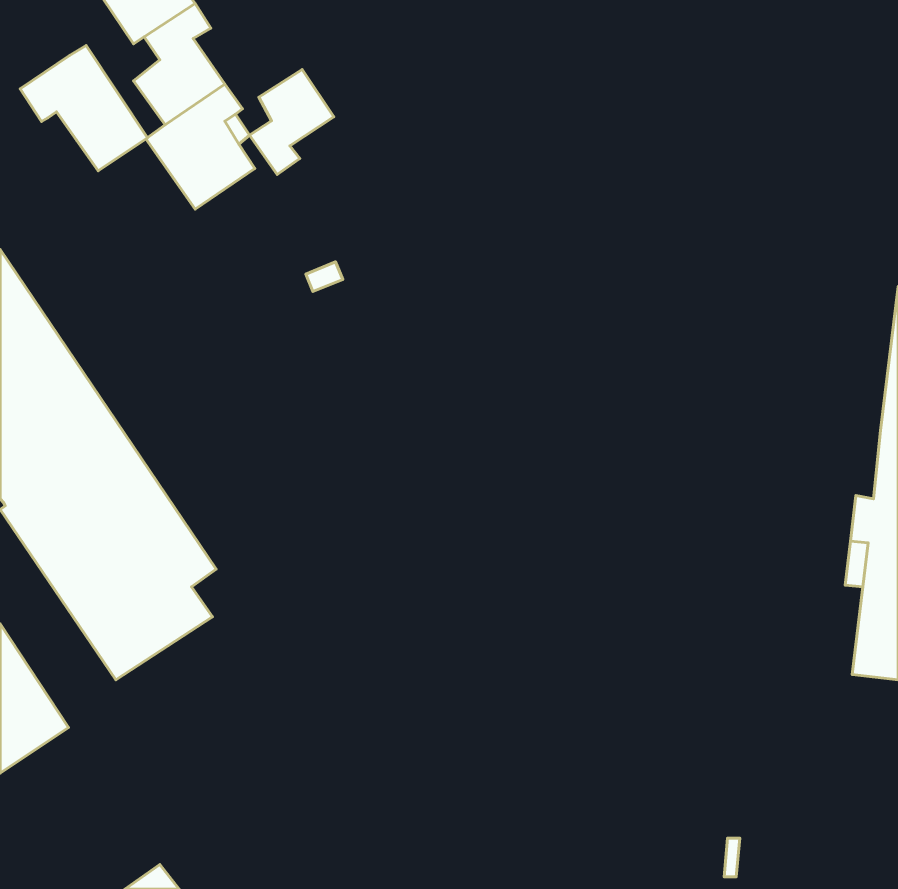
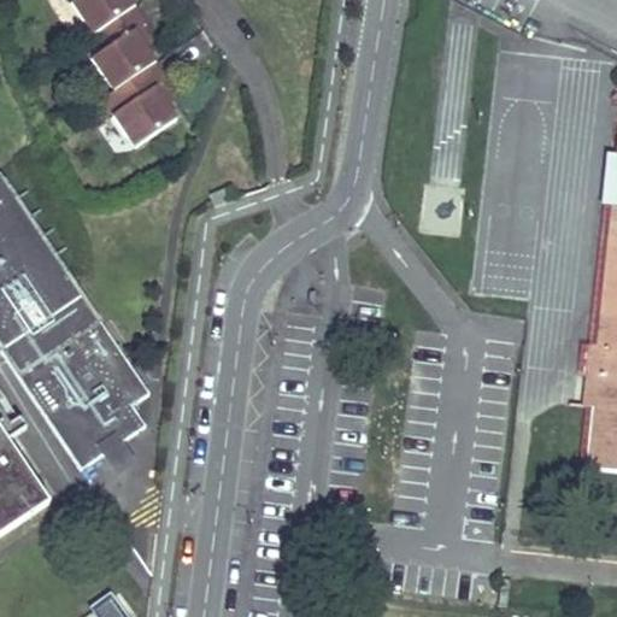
building: [20,45,147,171] -> none
building: [250,69,334,175] -> none

